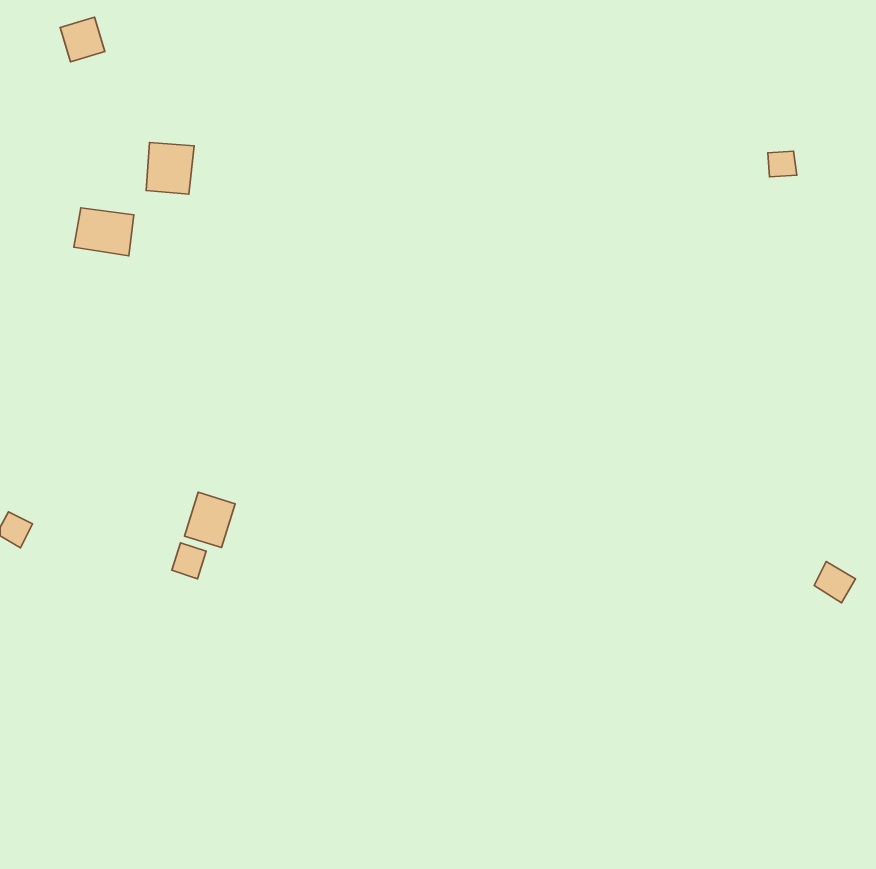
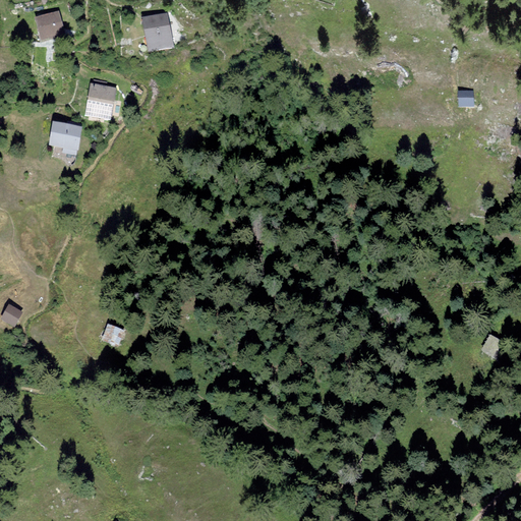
building: none -> [138,12,176,51]
building: [184,492,235,548] -> none

